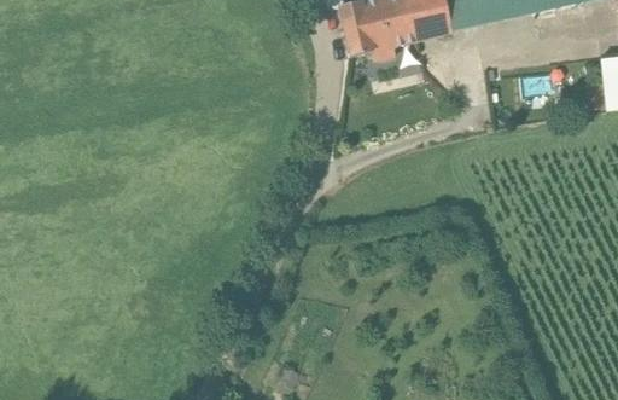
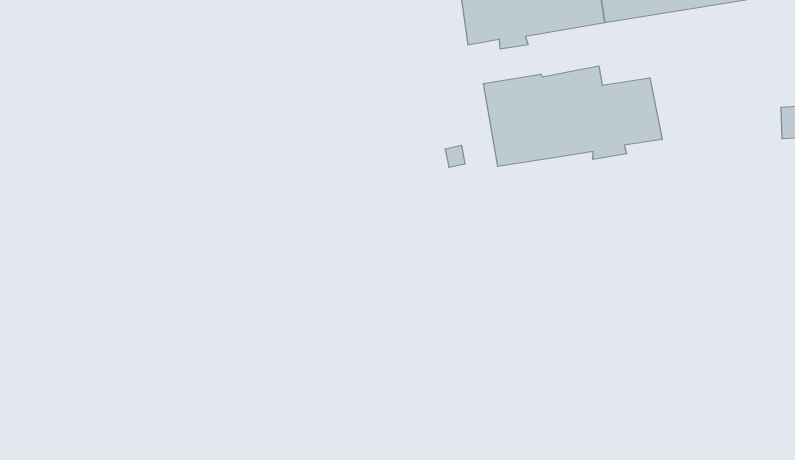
building: none -> [483,66,662,166]

